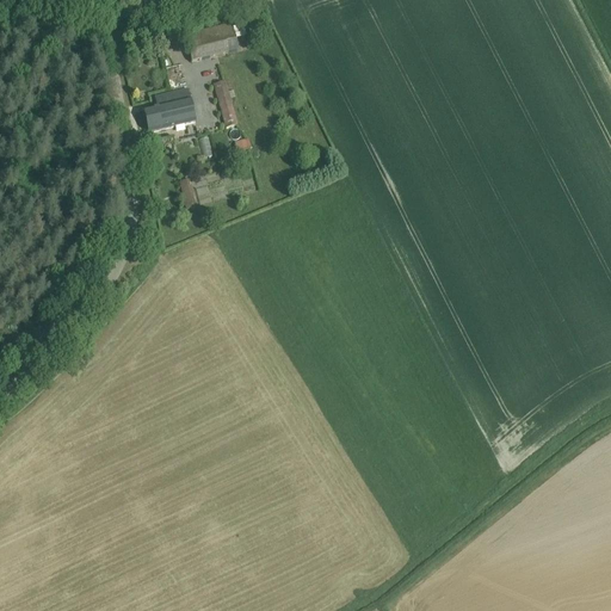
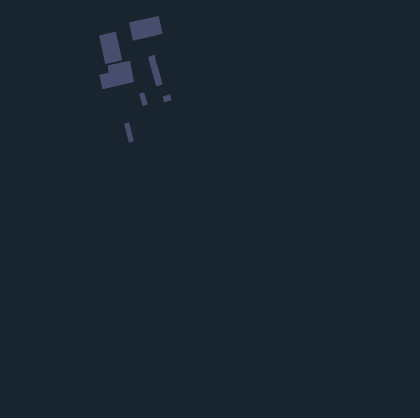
building: none -> [99,31,123,65]

